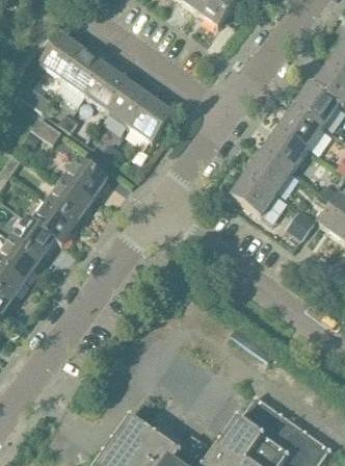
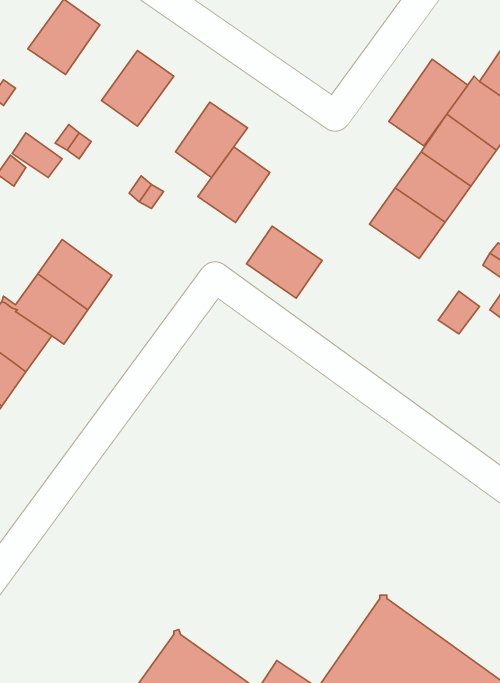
building: [62,50,106,96] -> none
building: none -> [389,59,468,146]
building: [106,81,150,127] -> [198,147,270,222]
building: [60,157,106,202] -> none
building: [231,171,276,214] -> [246,226,322,298]

